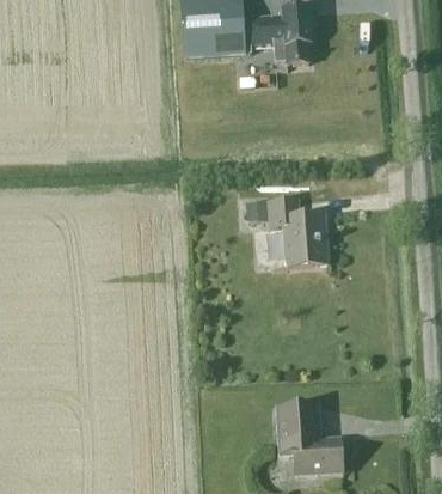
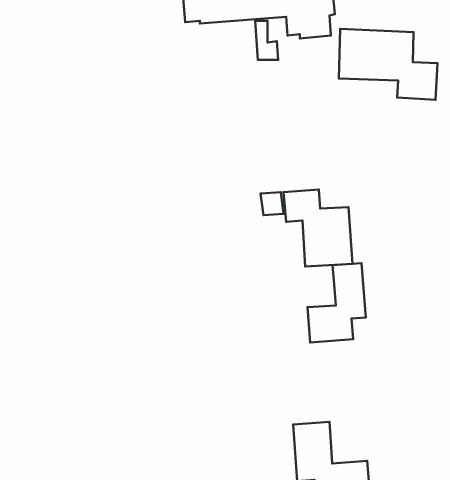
building: none -> [339,29,437,100]
building: none -> [308,263,366,342]

